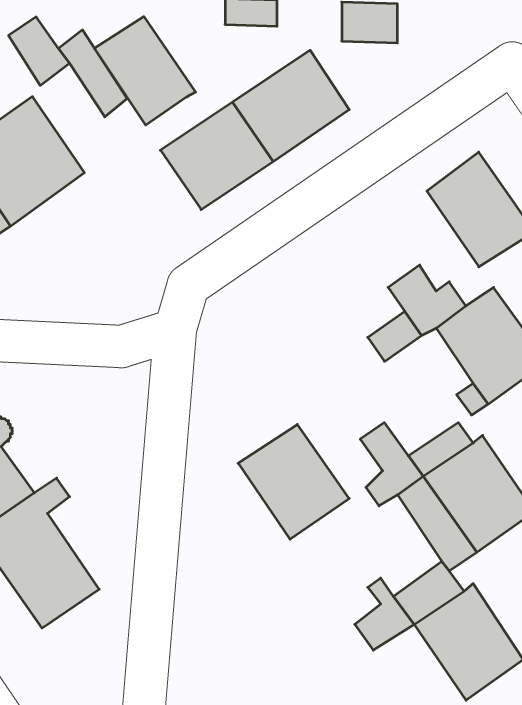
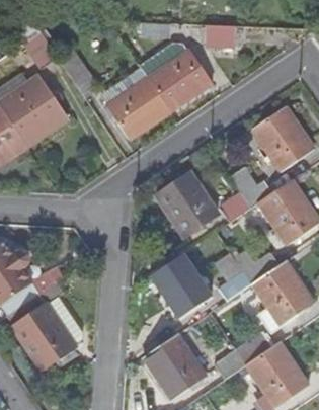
building: [94,17,196,125] -> none
building: none -> [157,173,219,236]
building: none -> [144,335,206,400]

